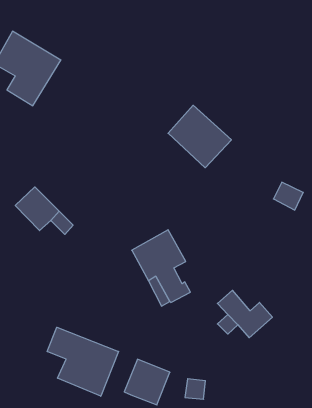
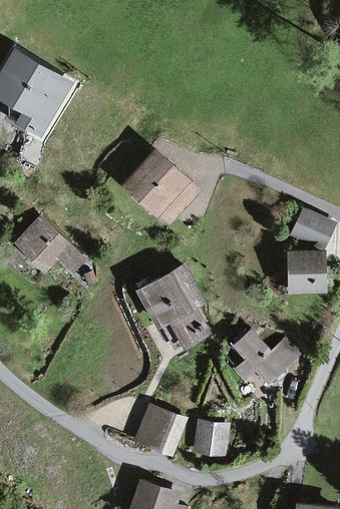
building: [168,105,231,168] -> [127,152,196,219]
building: none -> [290,252,321,289]
building: [47,327,119,396] -> none

